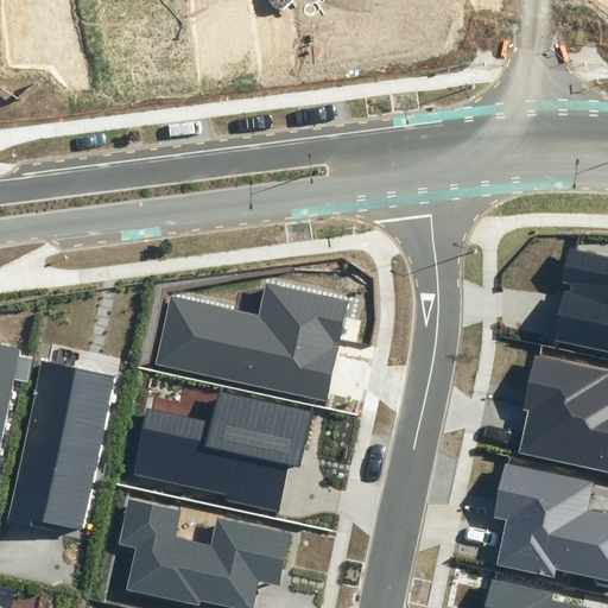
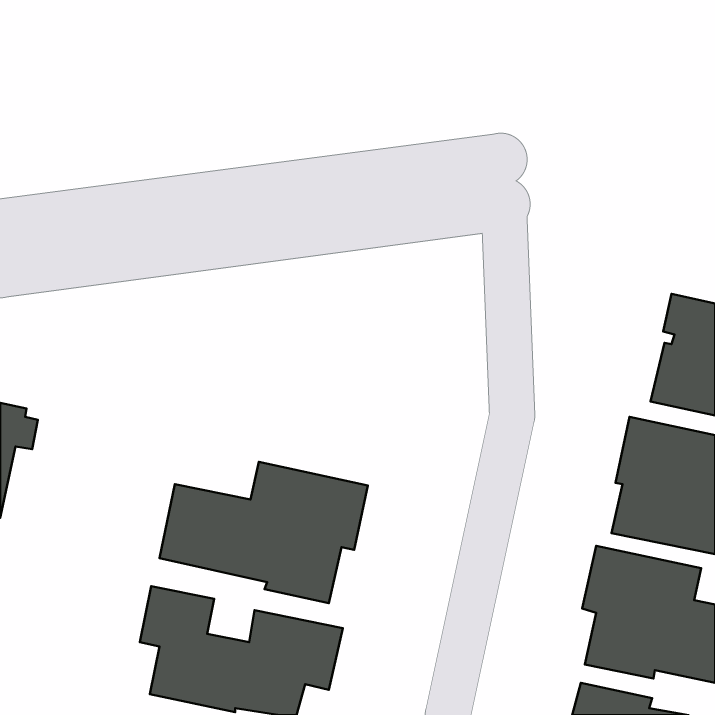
building: [156,284,349,401] -> none
building: [7,361,115,532] -> none

